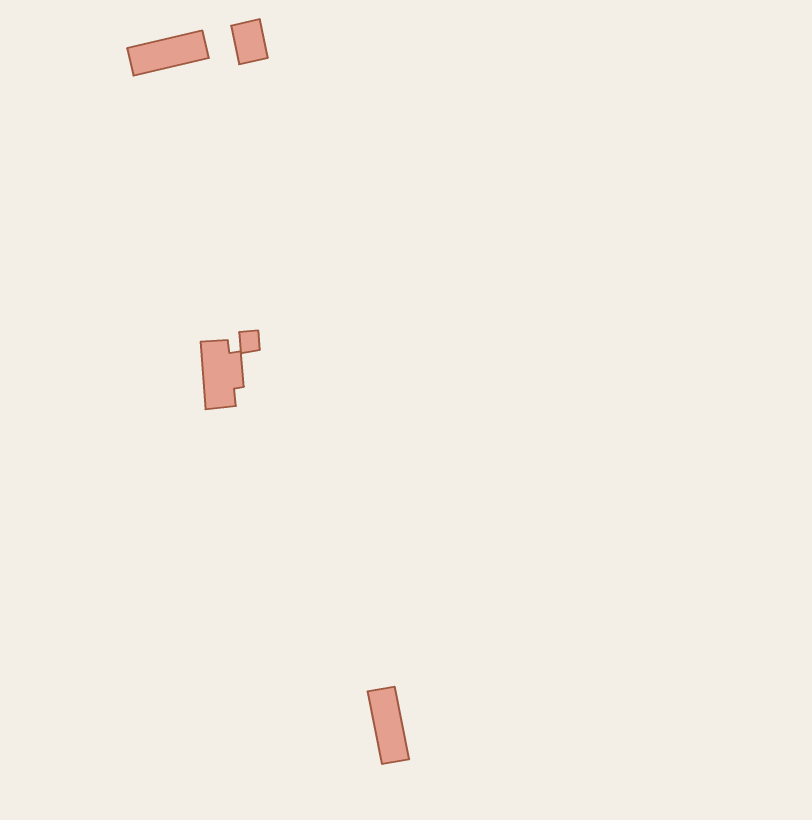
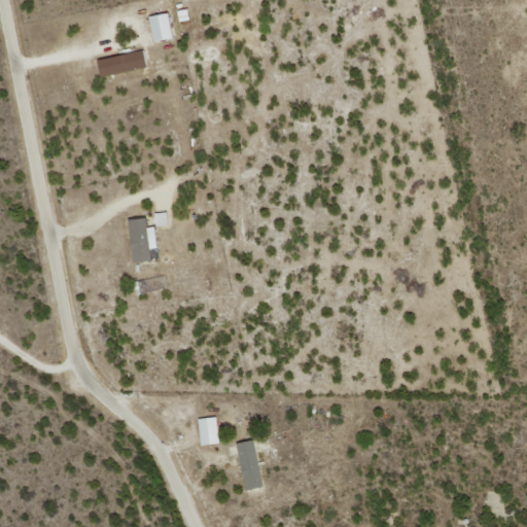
building: [127,31,209,76] -> [94,48,146,77]
building: none -> [198,418,217,445]

